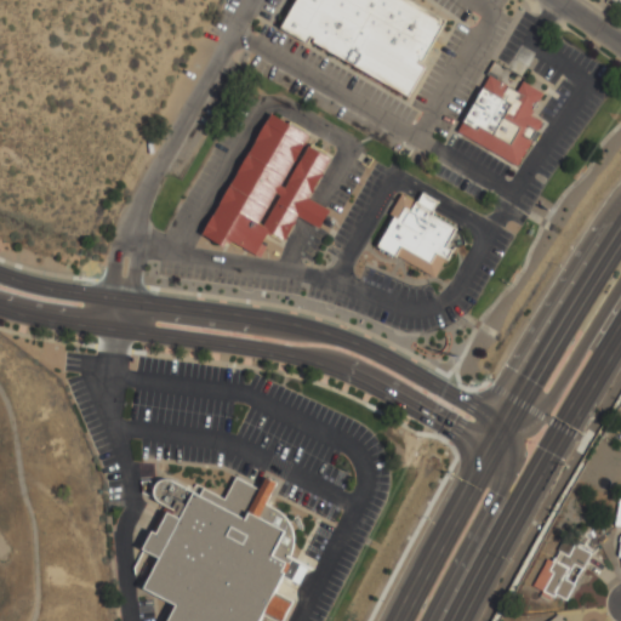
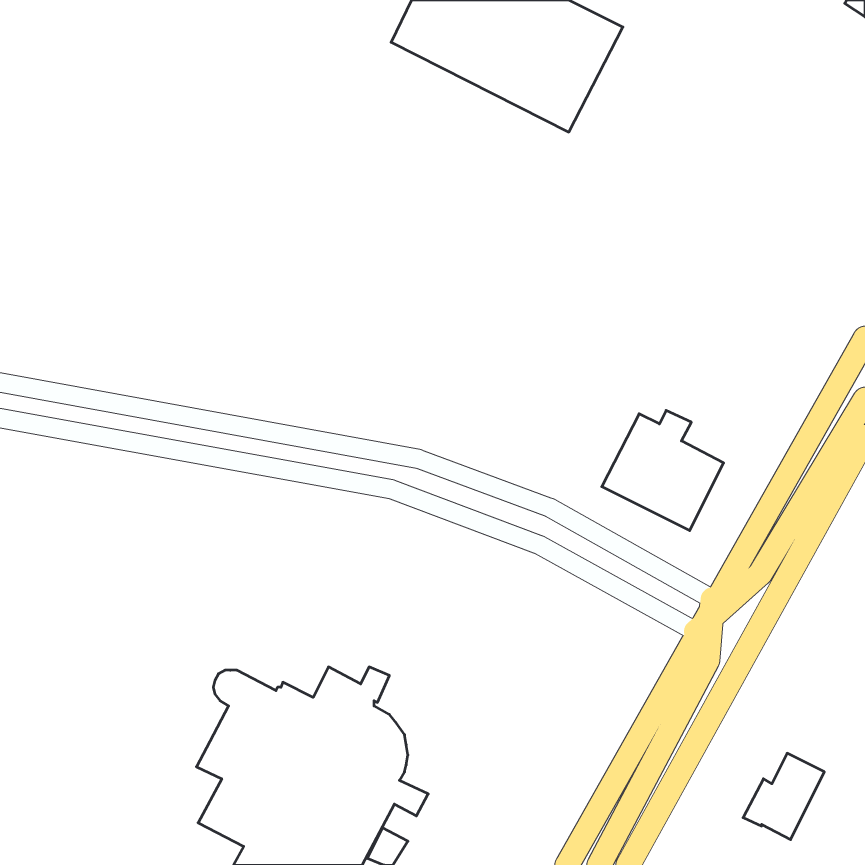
building: [455,75,543,169] -> none
building: [206,113,330,256] -> none
building: [374,193,461,279] -> [602,410,724,531]

